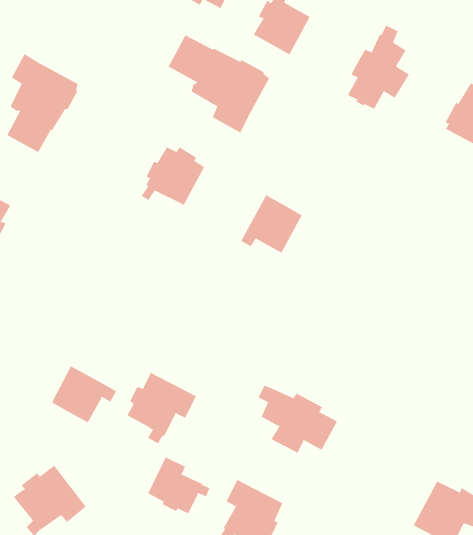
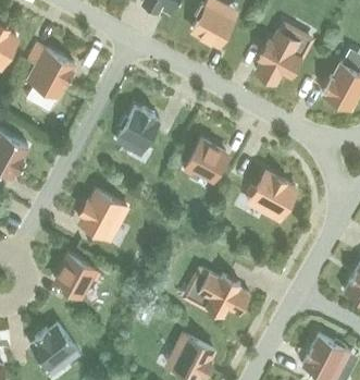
building: [168,35,270,133] -> none
building: none -> [246,173,296,220]
building: [126,372,197,444] -> [79,193,127,242]
building: [148,456,210,514] -> none

